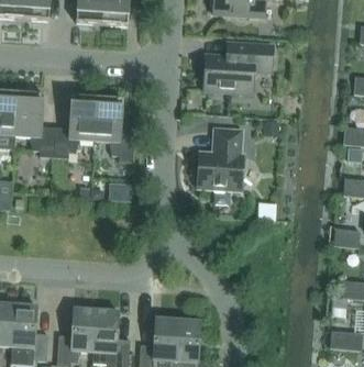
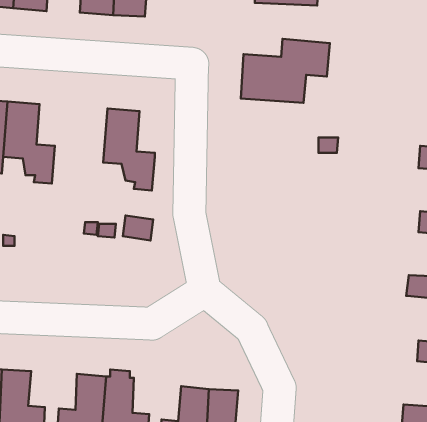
building: [53,97,97,158] -> none
building: [197,127,243,191] -> none

